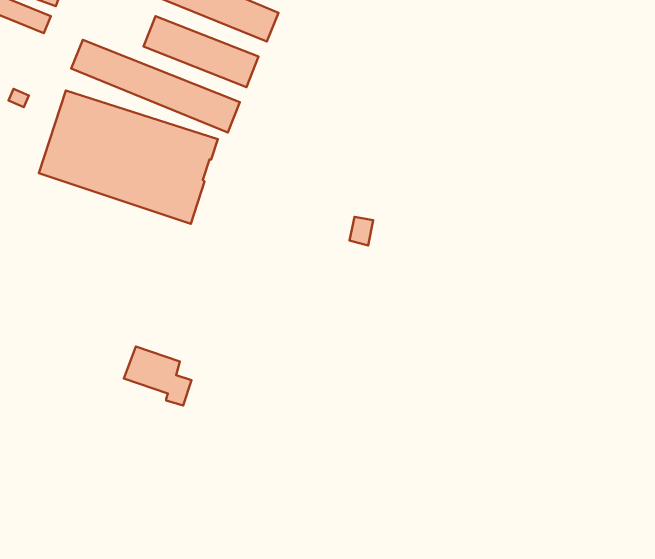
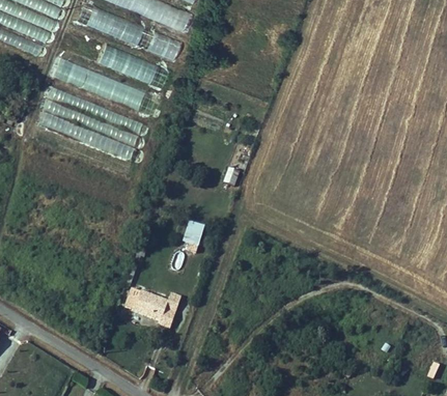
building: none -> [183,218,205,245]
building: [124,346,191,405] -> [133,290,174,327]

